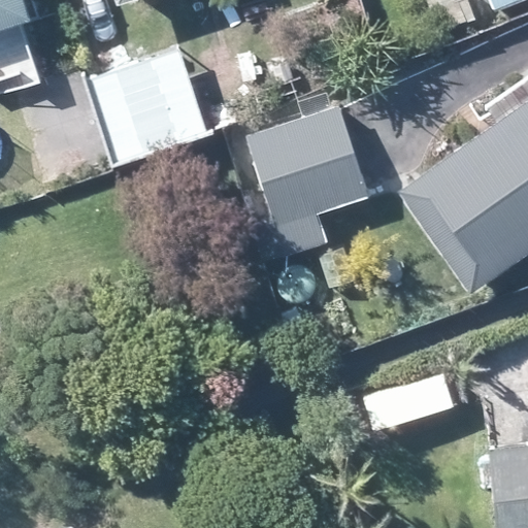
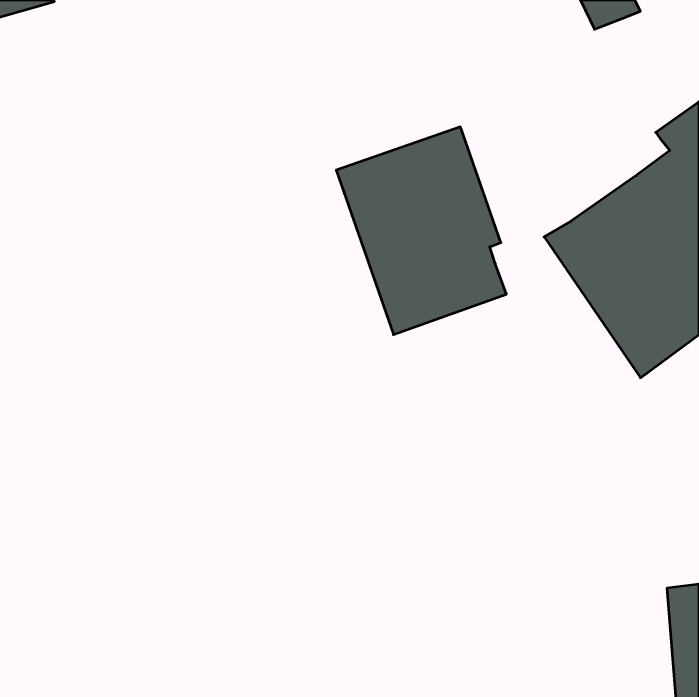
building: [89,48,207,164] -> none

